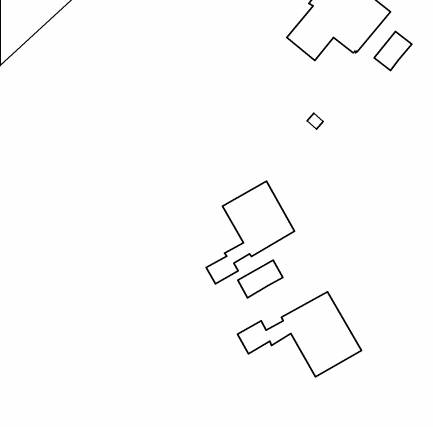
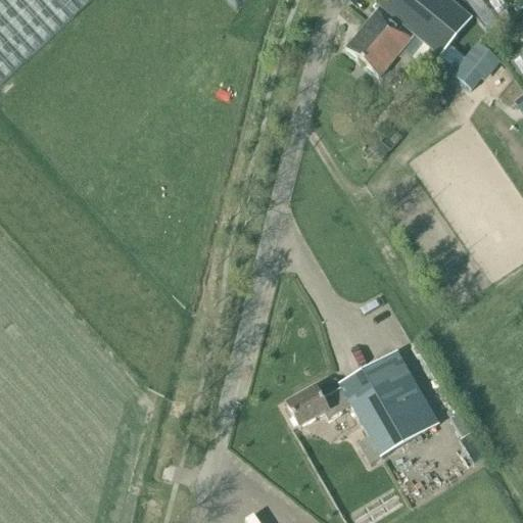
building: [206,181,295,284] -> none
building: [238,260,283,298] -> none

